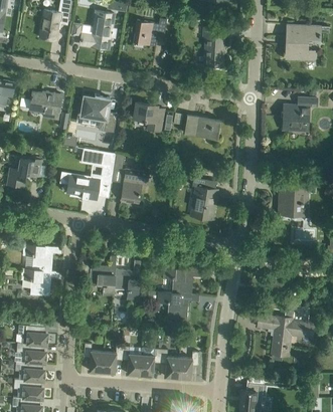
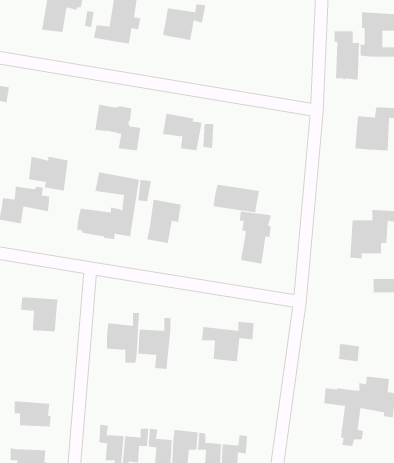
building: [203,28,223,66] -> [334,31,360,80]
building: [30,91,61,119] -> [28,156,68,191]
building: [184,116,220,138] -> [213,184,260,213]
building: [21,269,59,296] -> none
building: [148,291,199,320] -> none
building: [16,343,46,364] -> none

